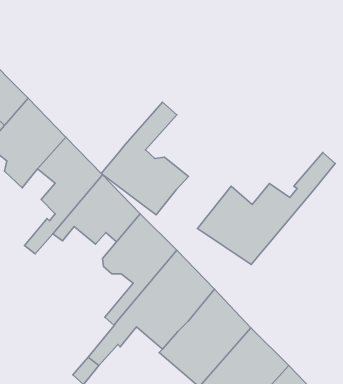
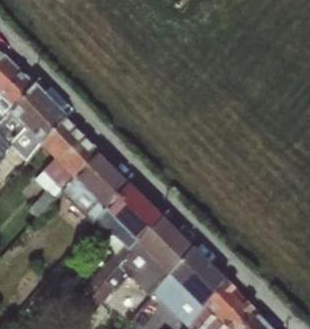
building: [101,102,188,215] -> none
building: [198,152,335,264] -> none

